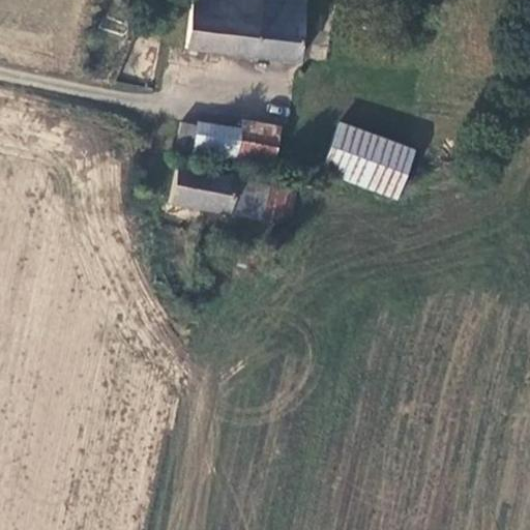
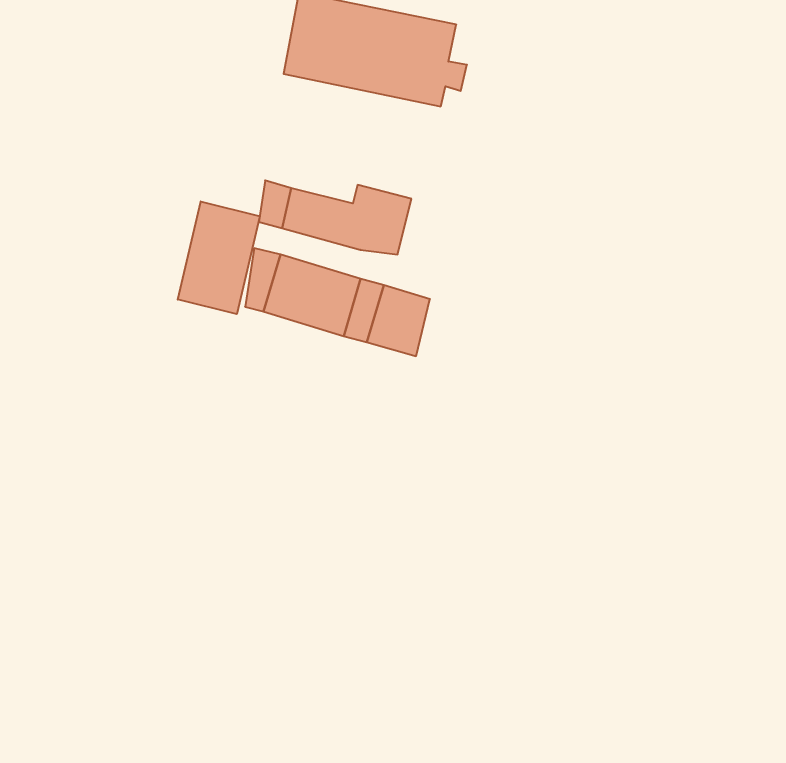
building: [331,120,421,194] -> none
building: none -> [178,201,260,314]

